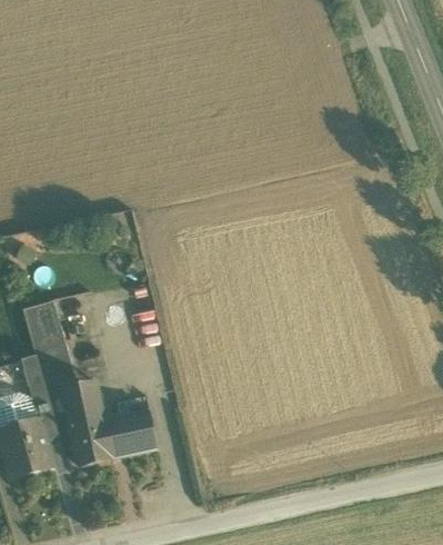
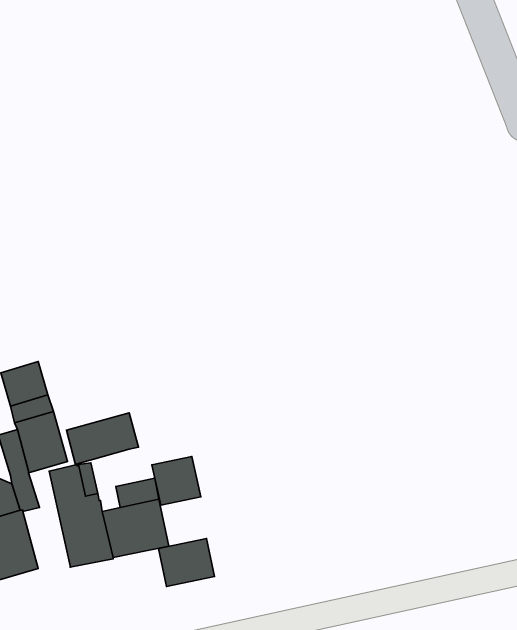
building: none -> [66,413,138,465]
building: none -> [152,456,201,505]
building: none -> [158,538,215,586]

